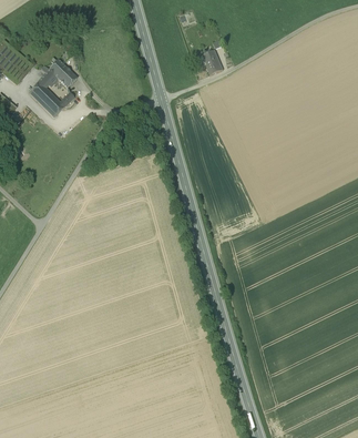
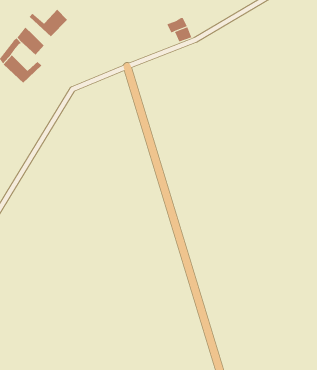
building: none -> [29,9,68,37]

